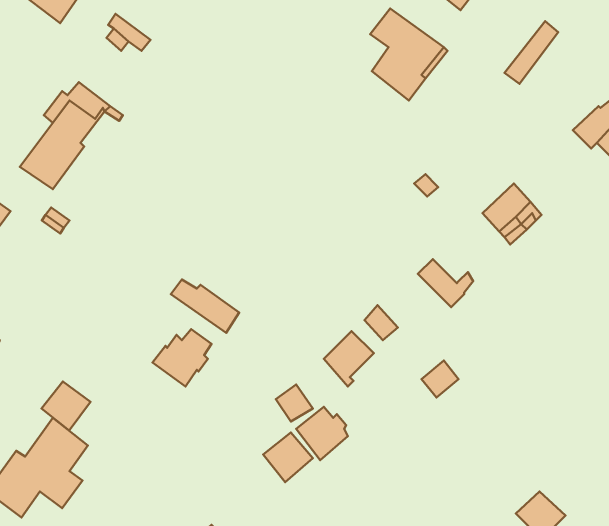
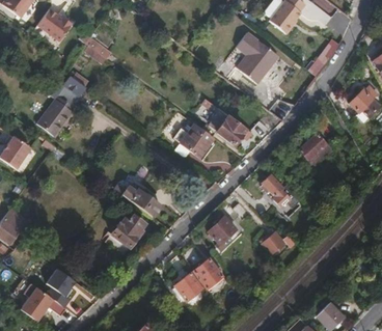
building: none -> [202,98,253,145]
building: none -> [180,122,214,158]
building: [42,381,90,431] -> none

